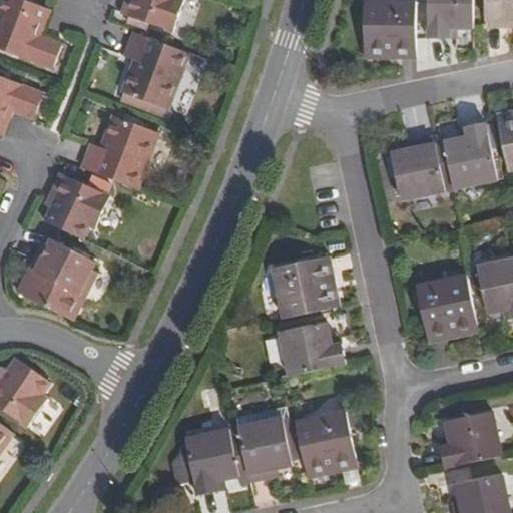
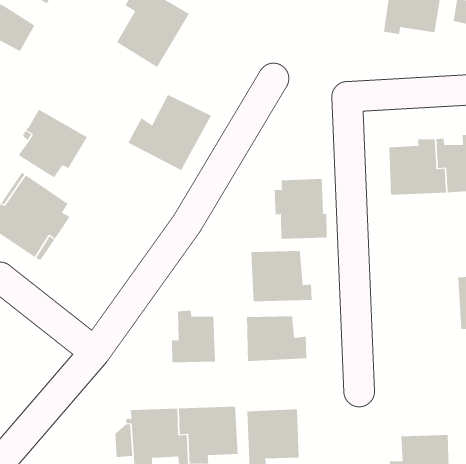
building: [78,110,153,180] -> [128,94,212,171]
building: none -> [274,178,327,239]
building: [416,273,477,329] -> none
building: none -> [171,310,215,363]

